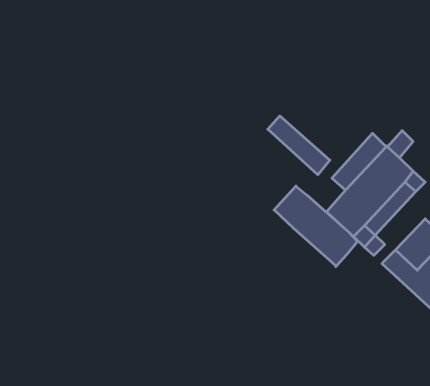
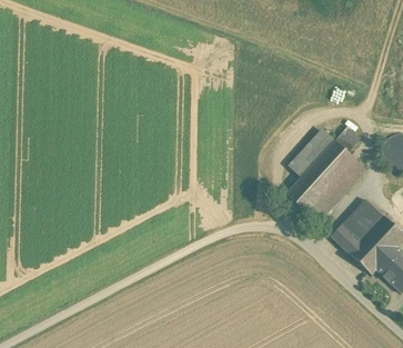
building: [268,116,330,175] -> none
building: [274,186,357,267] -> none

